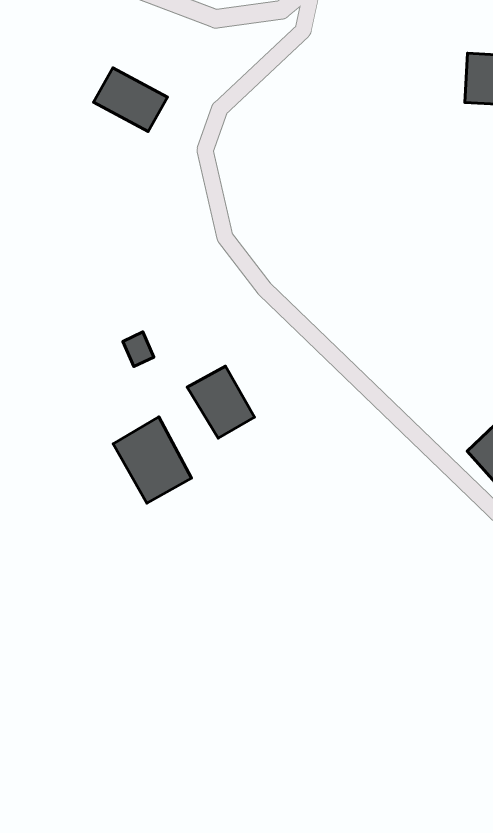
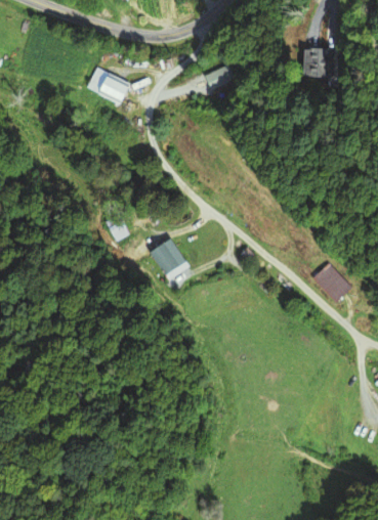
building: none -> [208,64,240,90]
building: [113,417,191,503] -> none

